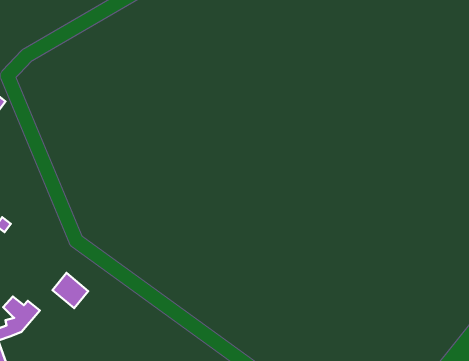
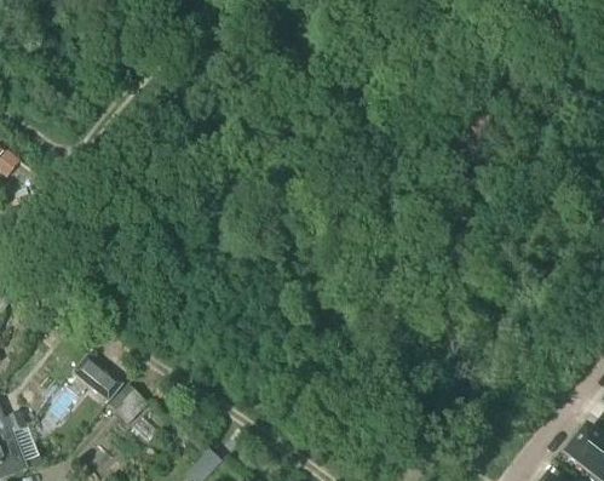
building: none -> [105,384,145,424]

